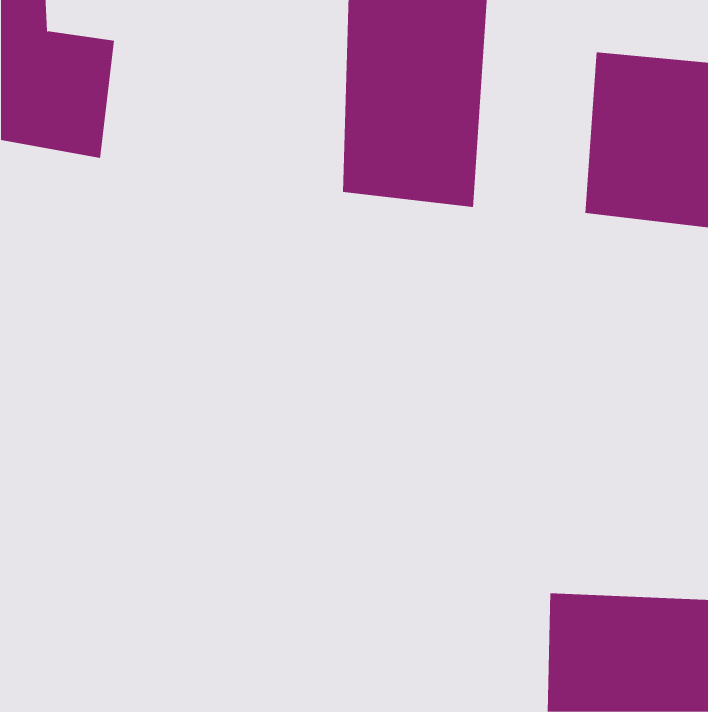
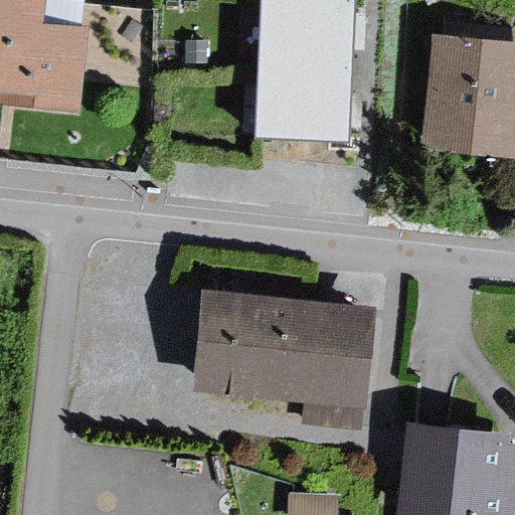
building: none -> [194,292,373,432]

